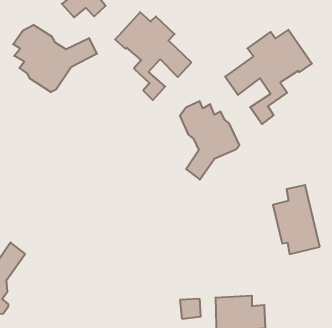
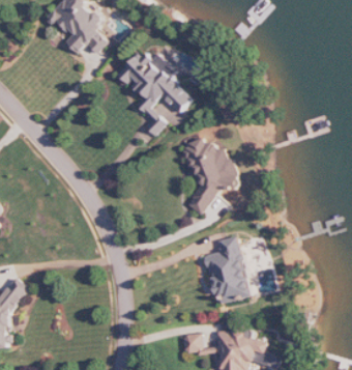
building: [13,25,97,92] -> none
building: [225,30,312,124] -> none
building: [273,185,320,254] -> [203,235,250,304]

